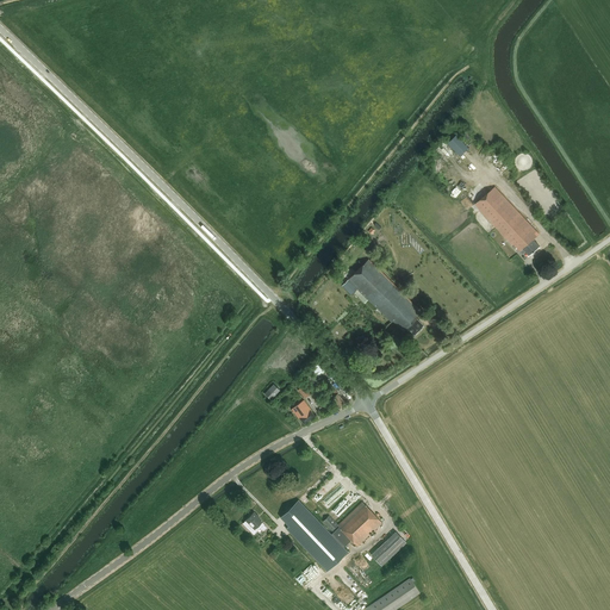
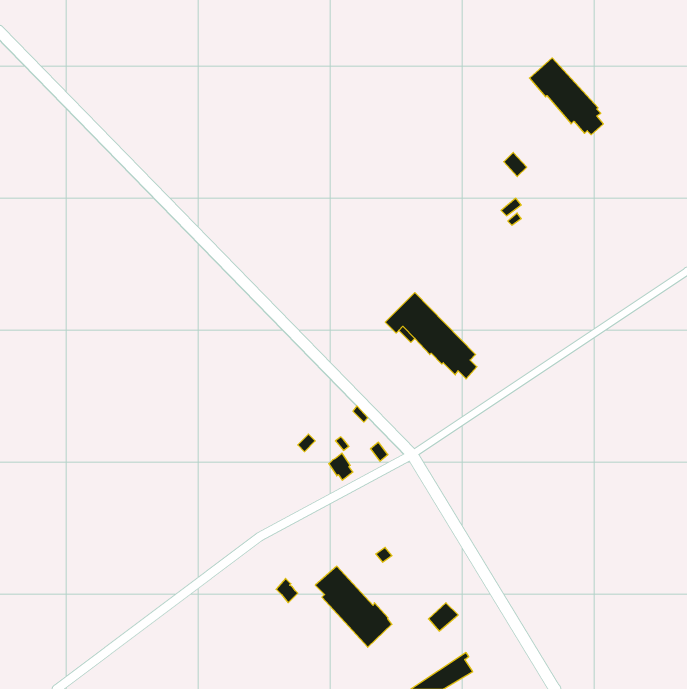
building: [474,187,540,255] -> [529,58,603,135]
building: [322,502,381,547] -> none

